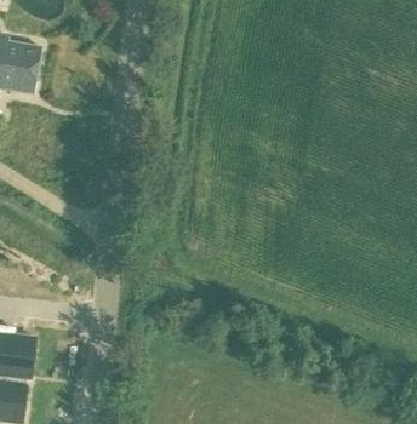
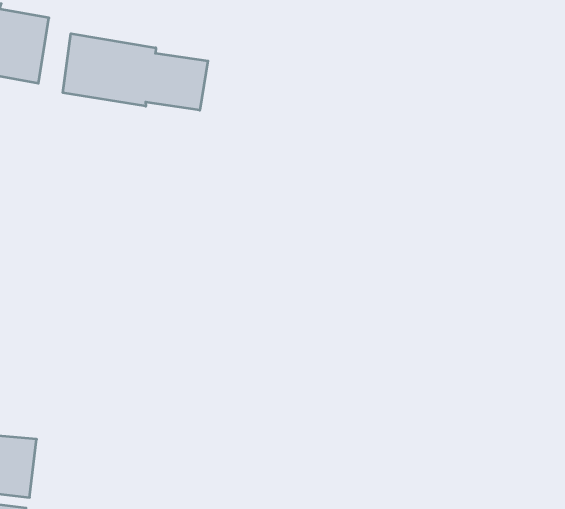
building: none -> [63,34,208,110]

